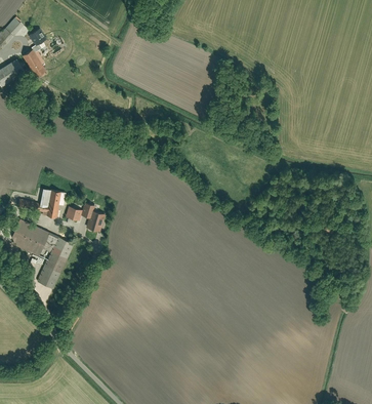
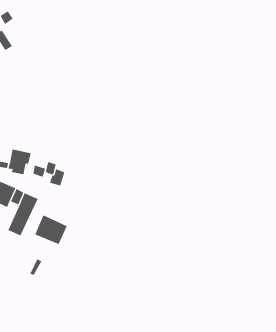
building: none -> [34,215,68,245]

